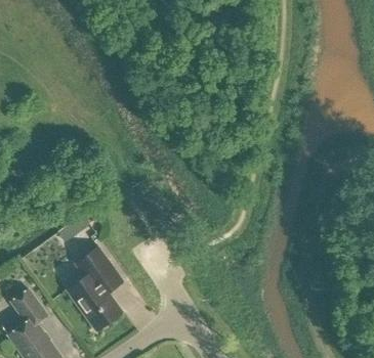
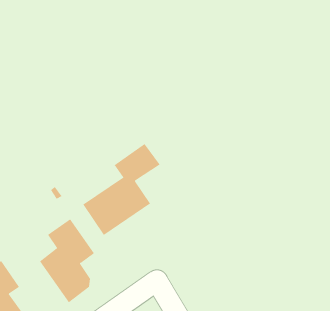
building: none -> [82,143,160,236]

